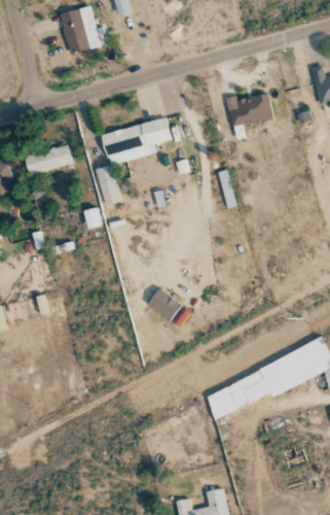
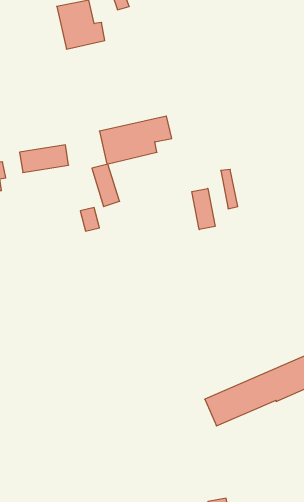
building: [229,93,273,126] -> none
building: none -> [192,188,215,230]
building: [147,287,183,321] -> none

